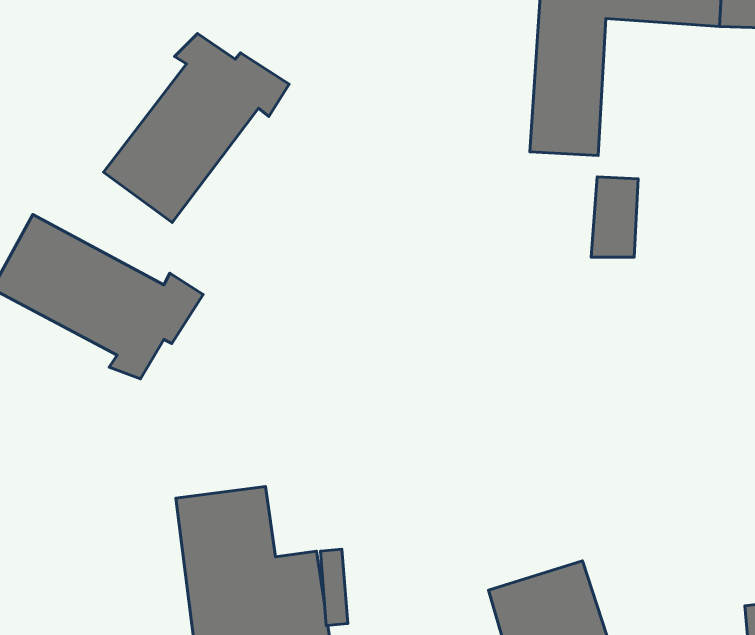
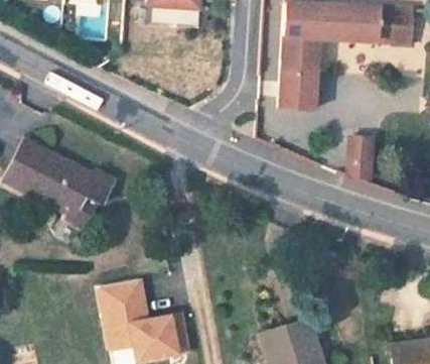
building: [104,34,289,222] -> none
building: [591,177,638,257] -> [348,137,373,178]

